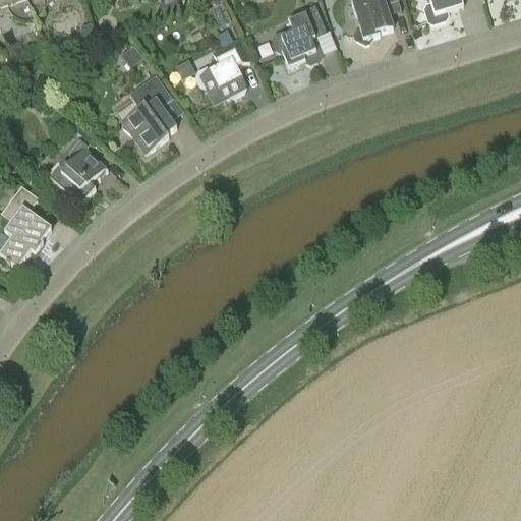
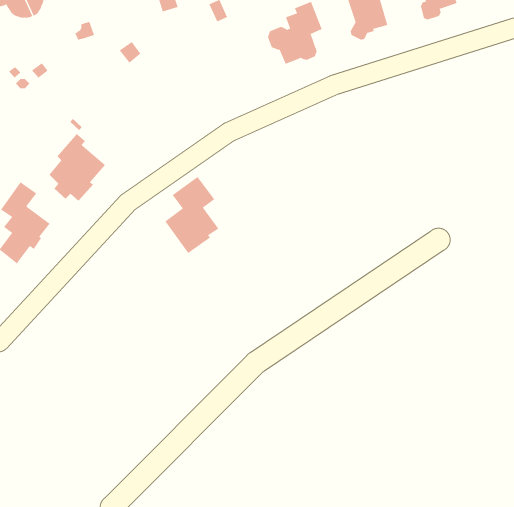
building: [195,37,248,102] -> none
building: [121,72,176,151] -> [165,176,219,254]

